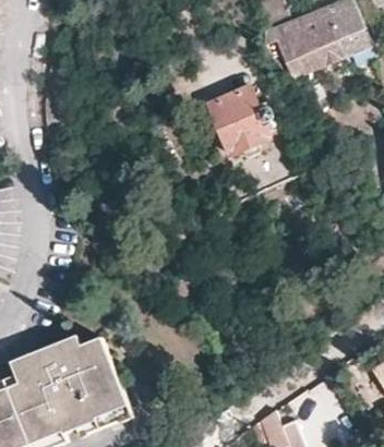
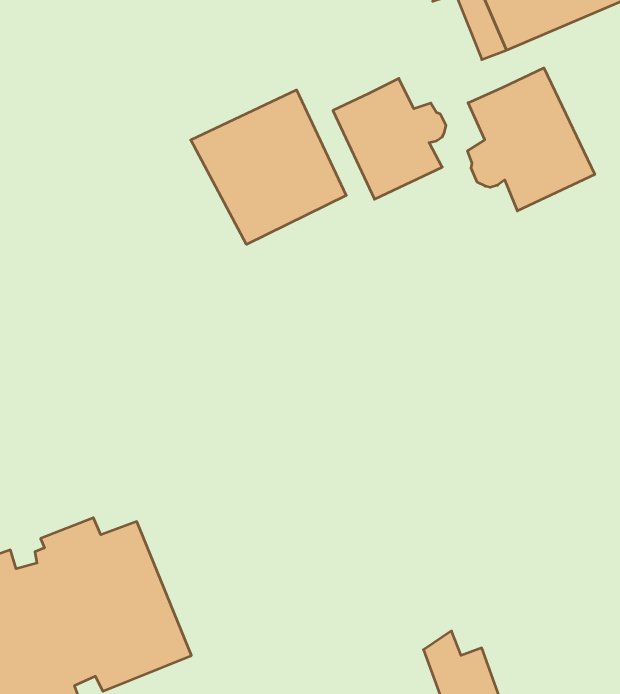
building: none -> [468,68,595,211]
building: none -> [191,90,346,244]

